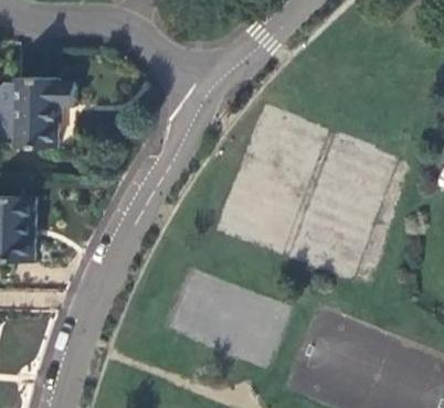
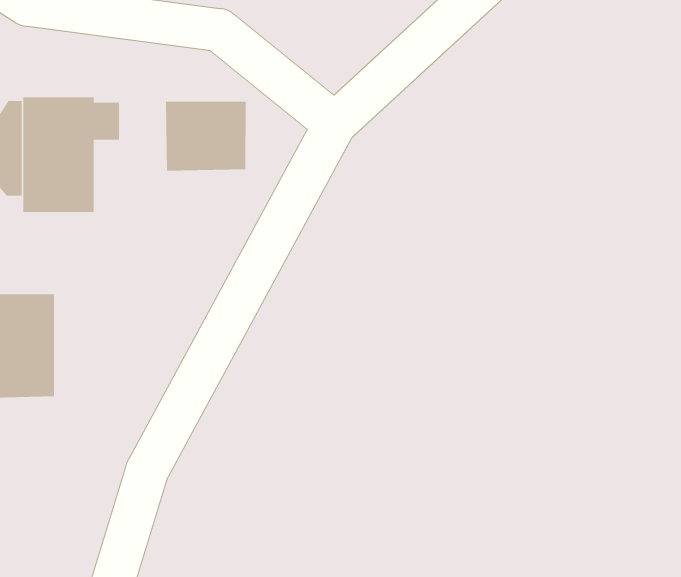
building: none -> [165,101,246,172]

